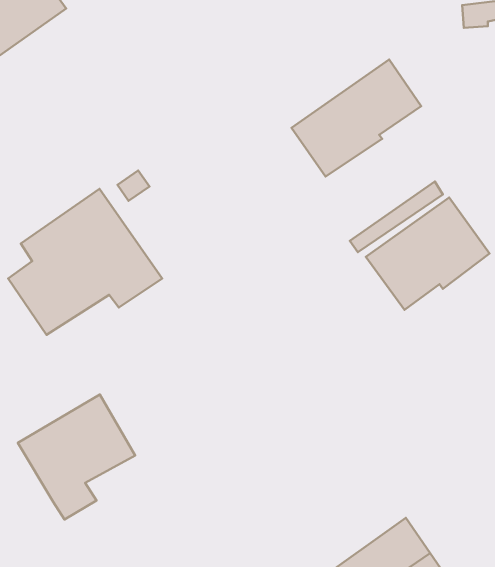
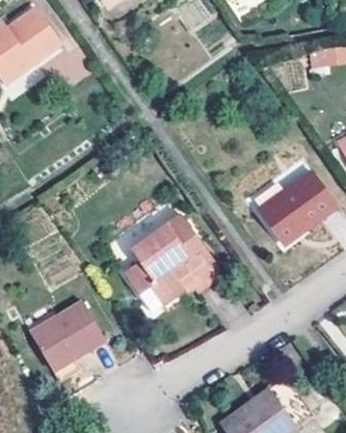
building: [291,59,421,177] -> none
building: [8,189,162,335] -> [125,214,224,308]

